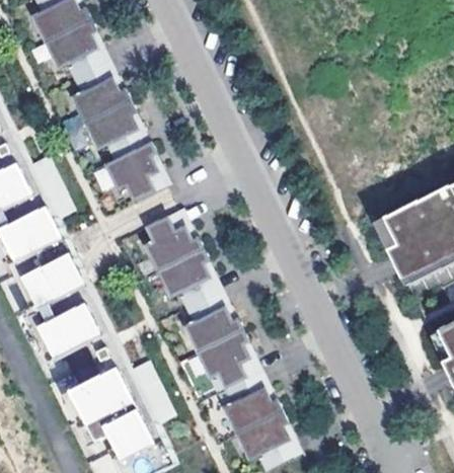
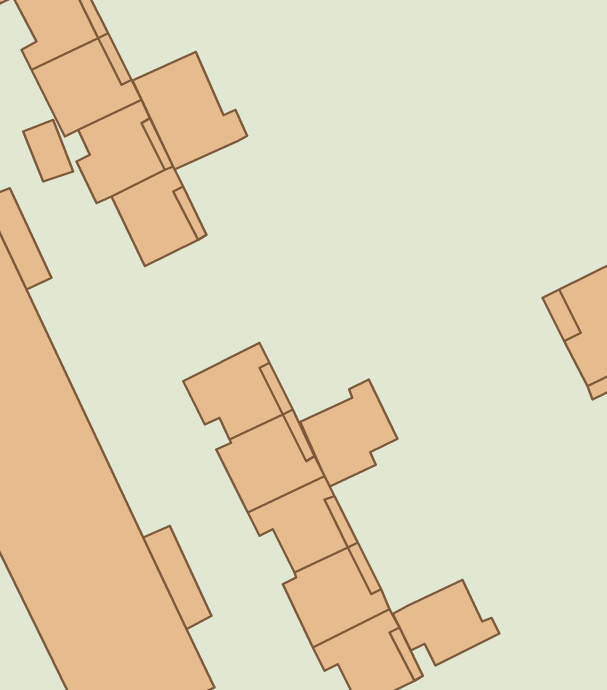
building: none -> [132,52,247,169]
building: [142,211,202,272] -> none
building: none -> [300,379,397,487]
building: none -> [393,580,500,666]

